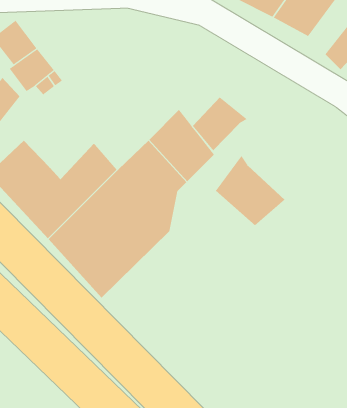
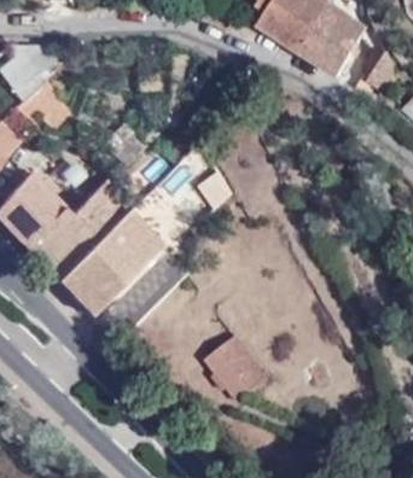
building: [192,96,248,151] -> none
building: [215,155,285,226] -> none
building: none -> [202,336,263,402]

